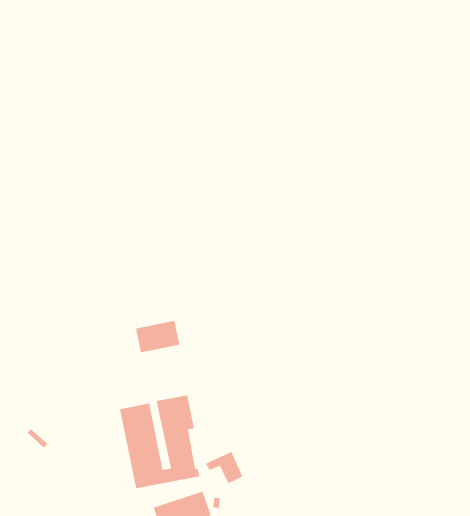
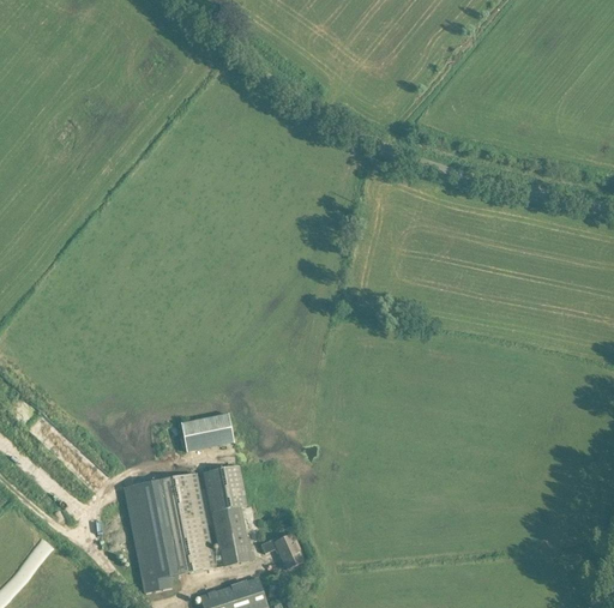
building: [135,320,180,353] -> [180,414,233,452]
building: none -> [124,481,177,592]

